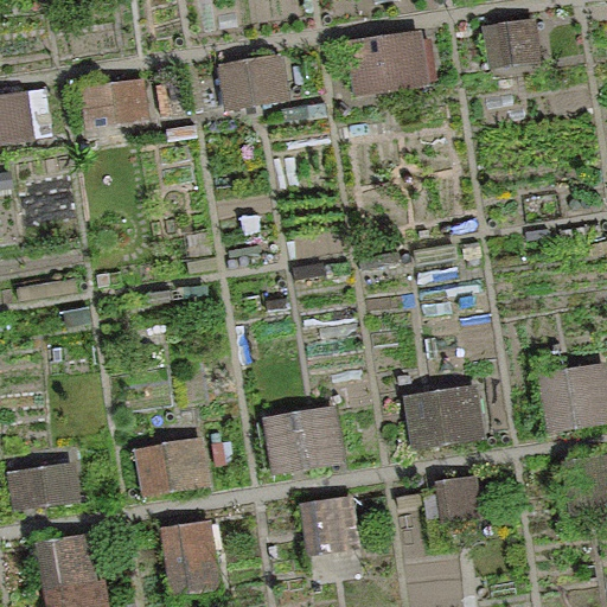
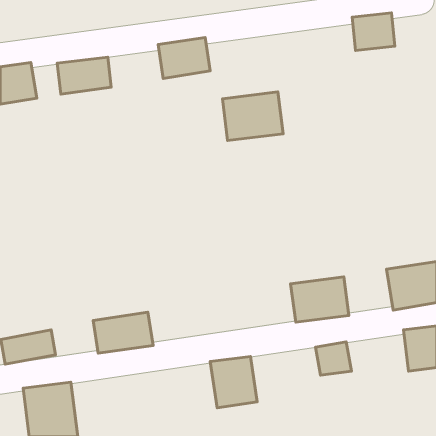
building: [349,28,433,96] -> [222,92,283,141]
building: [257,403,345,472] -> none
building: [156,512,224,598] -> none

